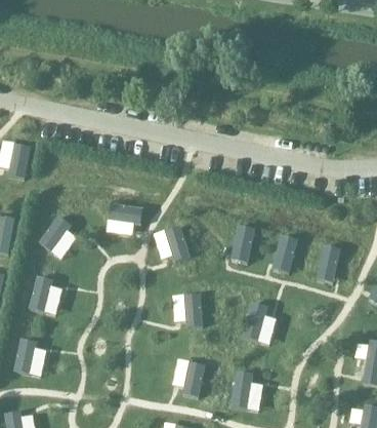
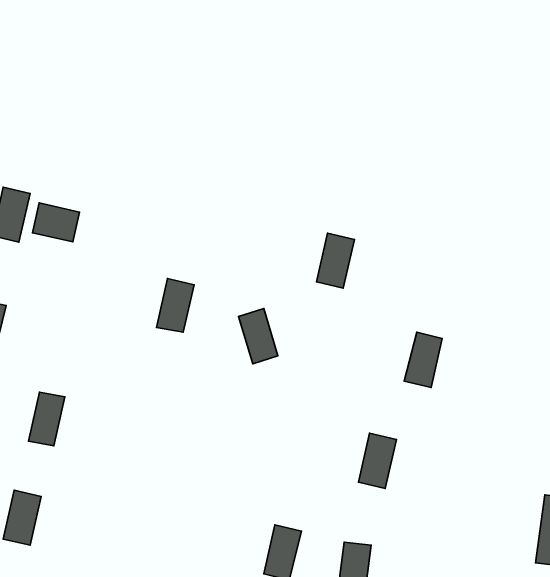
building: none -> [33,203,79,242]
building: [43,218,68,252] -> none
building: [231,227,255,263] -> [316,233,354,288]
building: [317,247,341,282] -> none
building: [181,293,202,326] -> none

